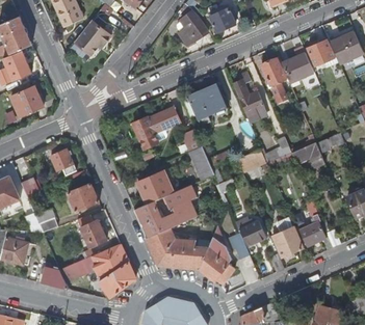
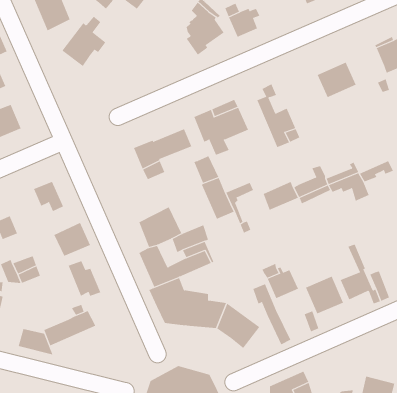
building: [307,37,338,66] -> none
building: [262,57,288,102] -> none
building: [97,243,136,296] -> none

